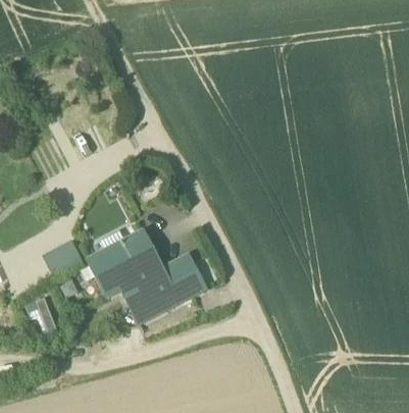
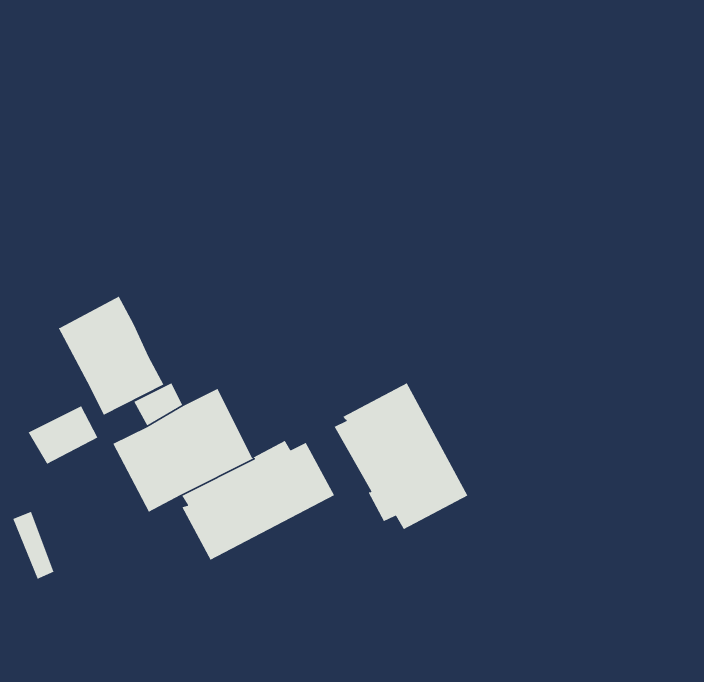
building: none -> [57,295,164,416]
building: none -> [334,382,468,530]

